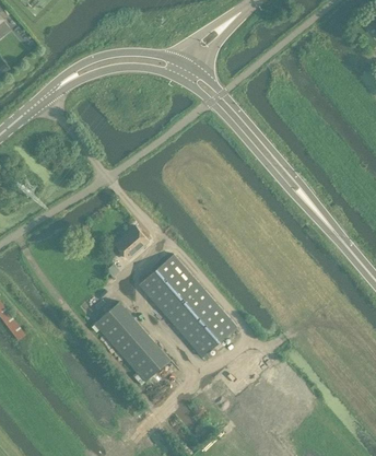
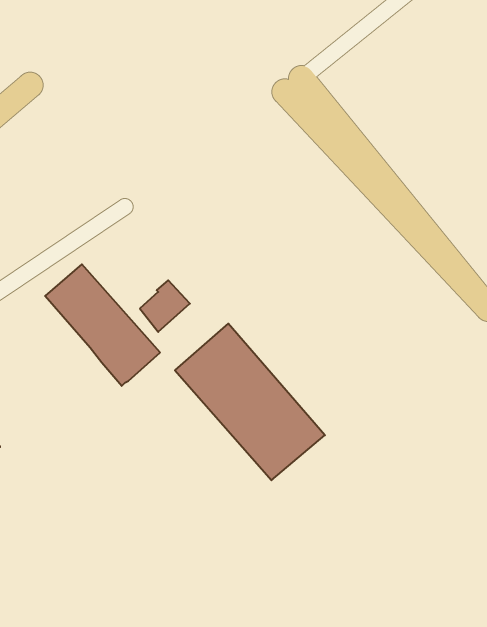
building: [94,302,169,382] -> [45,264,160,386]

